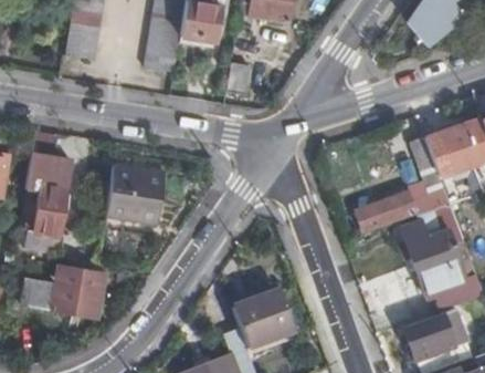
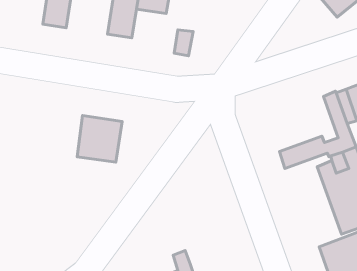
building: [27,155,70,252] -> none
building: [22,262,105,313] -> none
building: [233,284,292,349] -> none

